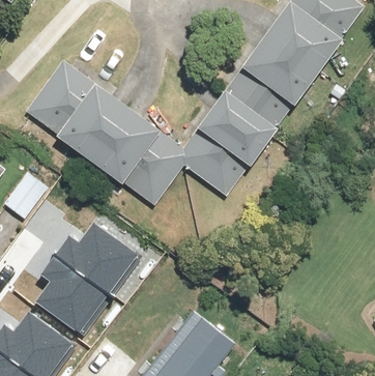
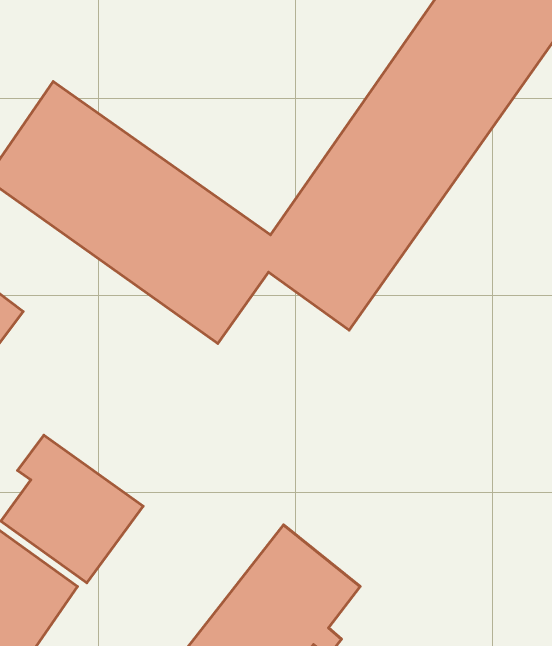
building: [59,220,144,296] -> none

